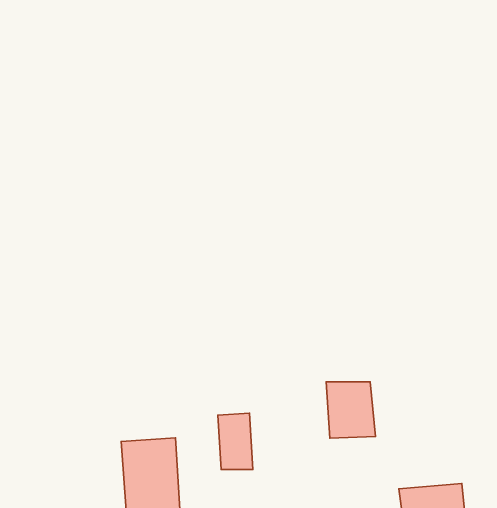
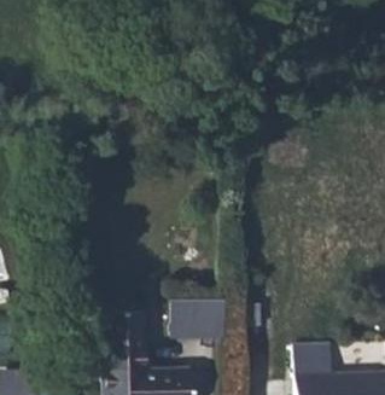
building: [326,382,375,438] -> [192,297,226,336]

